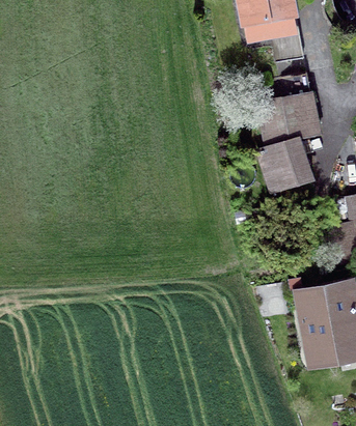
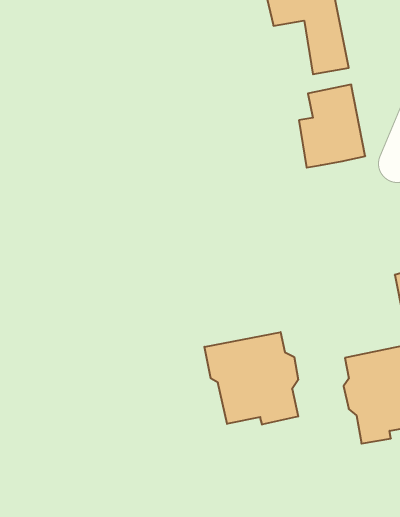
building: [263,135,306,183] -> none
building: none -> [204,332,298,425]

